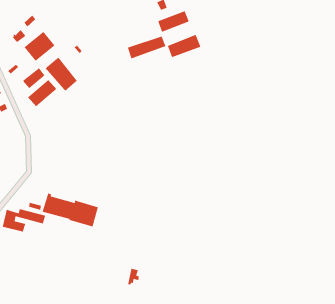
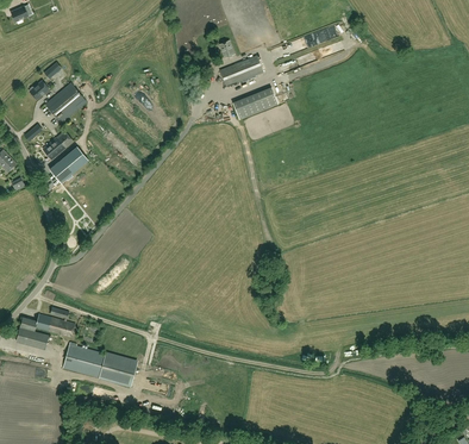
building: [127,35,166,60] -> none
building: [45,56,78,92] -> none
building: [42,192,99,228] -> [63,342,138,388]

